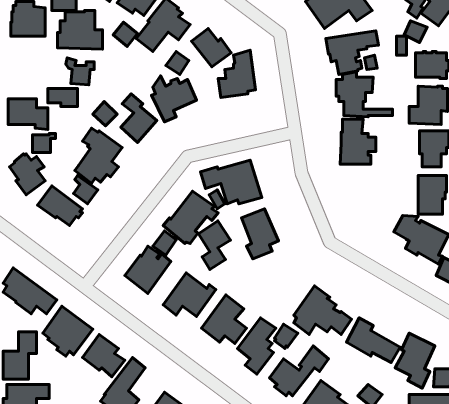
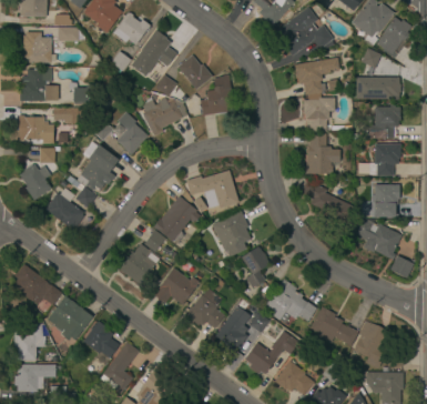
building: [58,11,102,49] -> [20,68,59,101]
building: none -> [302,180,356,223]
building: [198,221,230,270] -> [242,246,270,289]

